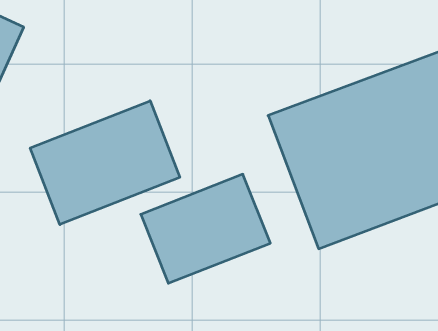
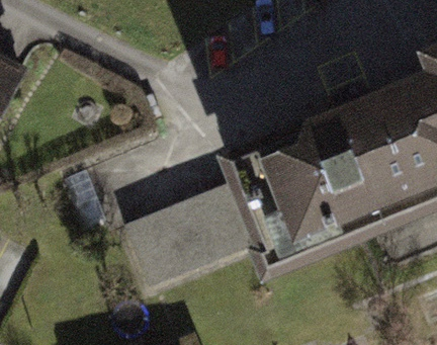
building: [30,101,180,225] -> none

